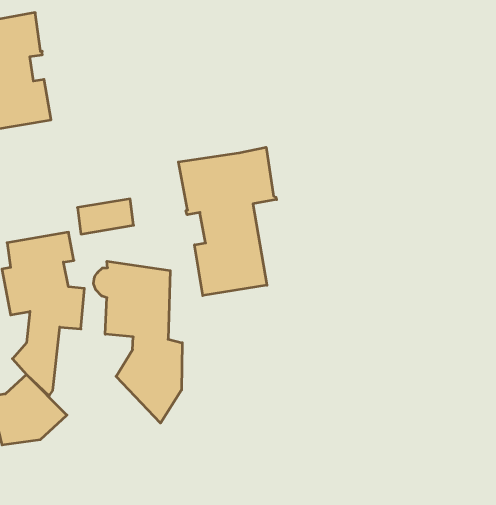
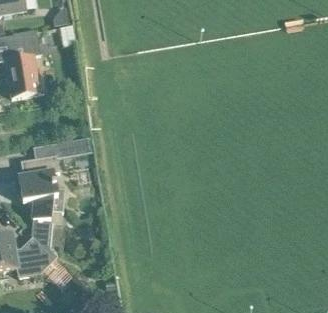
building: [178,147,277,296] -> none
building: [93,261,182,423] -> none

